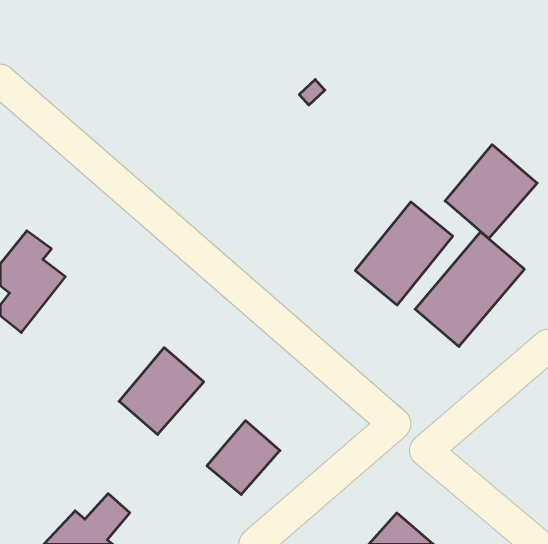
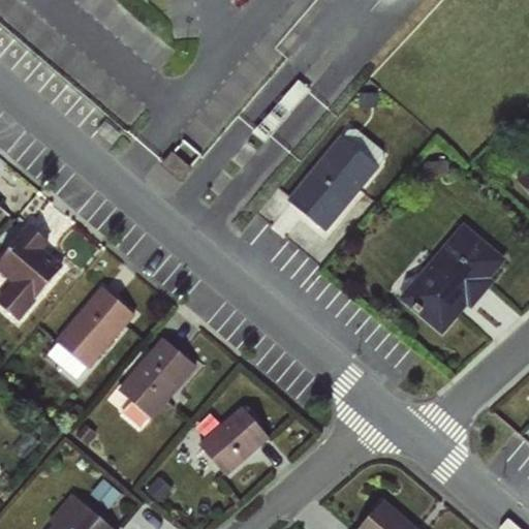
building: [445,145,537,238] -> none
building: [355,202,453,305] -> [287,136,381,236]
building: none -> [53,285,134,370]

